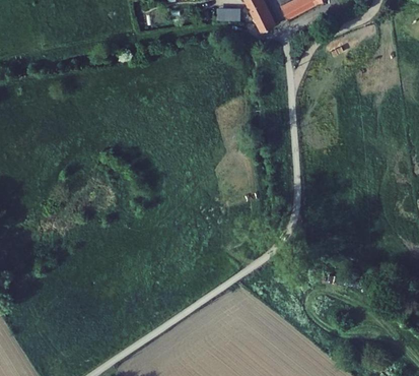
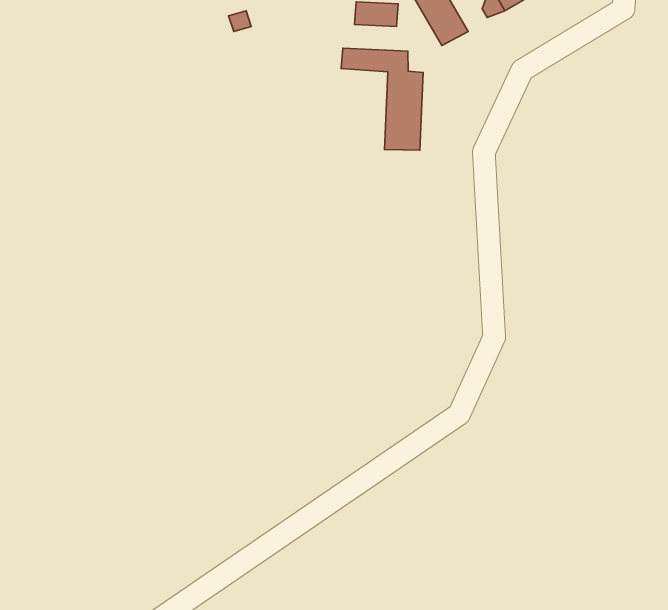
building: none -> [341,48,423,150]

